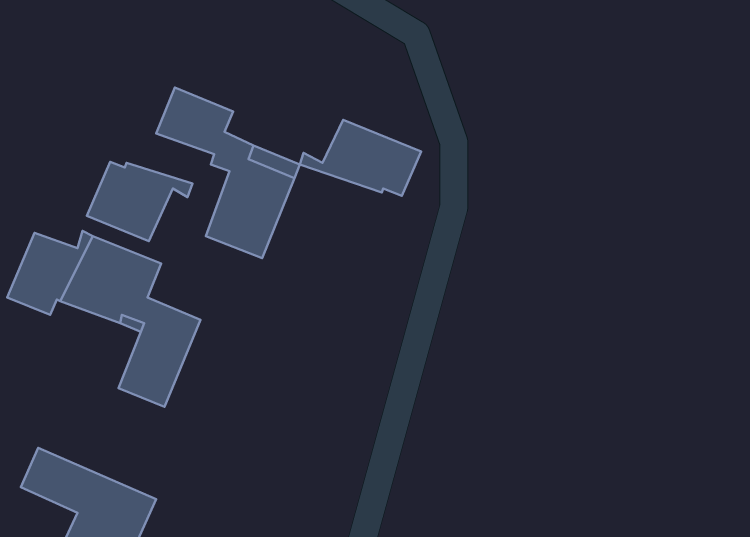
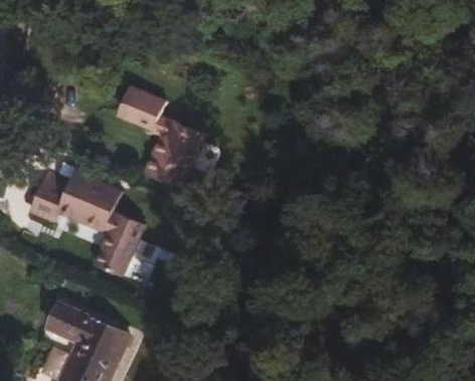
building: [300,120,421,196] -> none
building: [87,162,192,241] -> none

